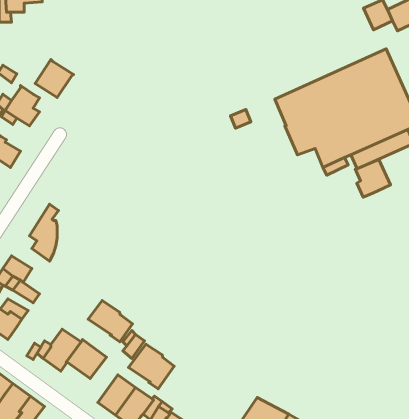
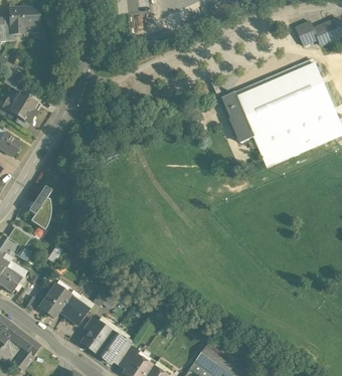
building: [35,59,73,97] -> none
building: [355,160,390,197] -> none
building: [88,301,133,342] -> none
building: [128,344,174,389] -> none

